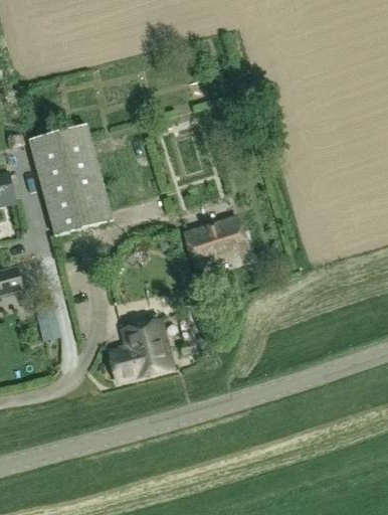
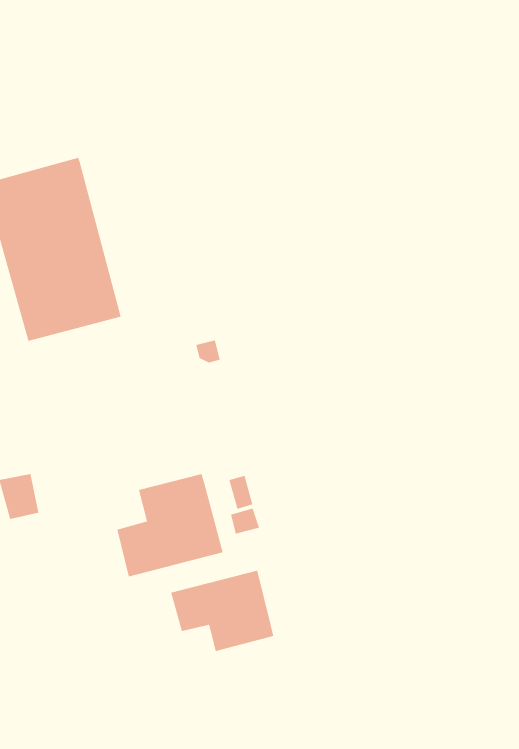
building: [185,217,247,266] -> none
building: none -> [171,570,274,652]

